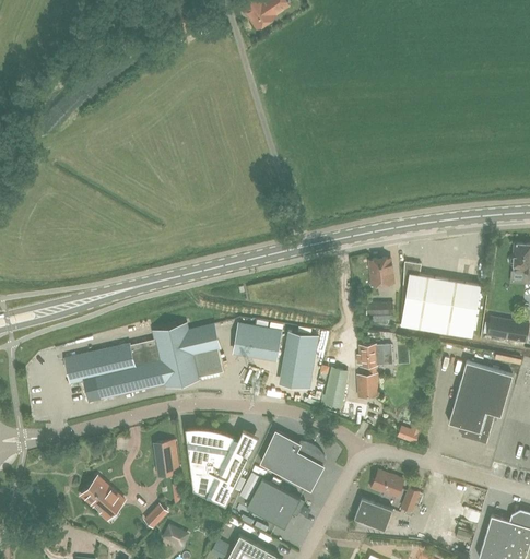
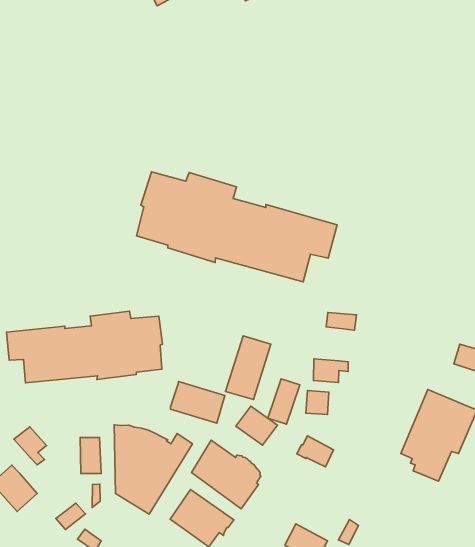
building: none -> [137,172,337,282]
building: [367,258,393,287] -> none
building: [400,261,480,337] -> none
building: [233,323,281,357] -> [170,381,225,423]
building: none -> [236,406,277,445]
building: none -> [14,427,47,465]
building: [369,471,402,497] -> [297,436,333,467]

